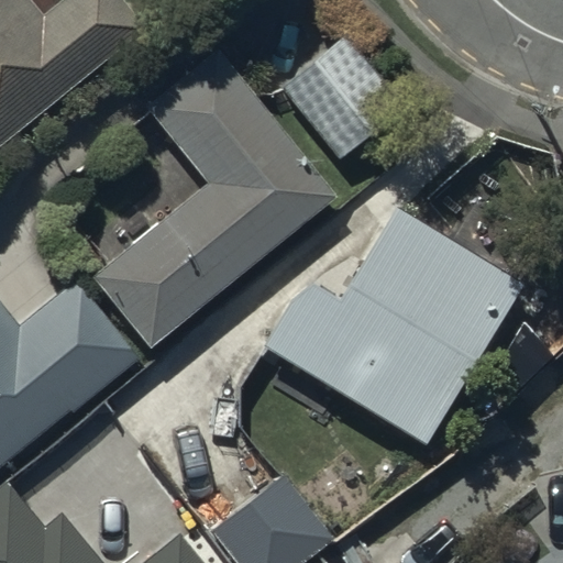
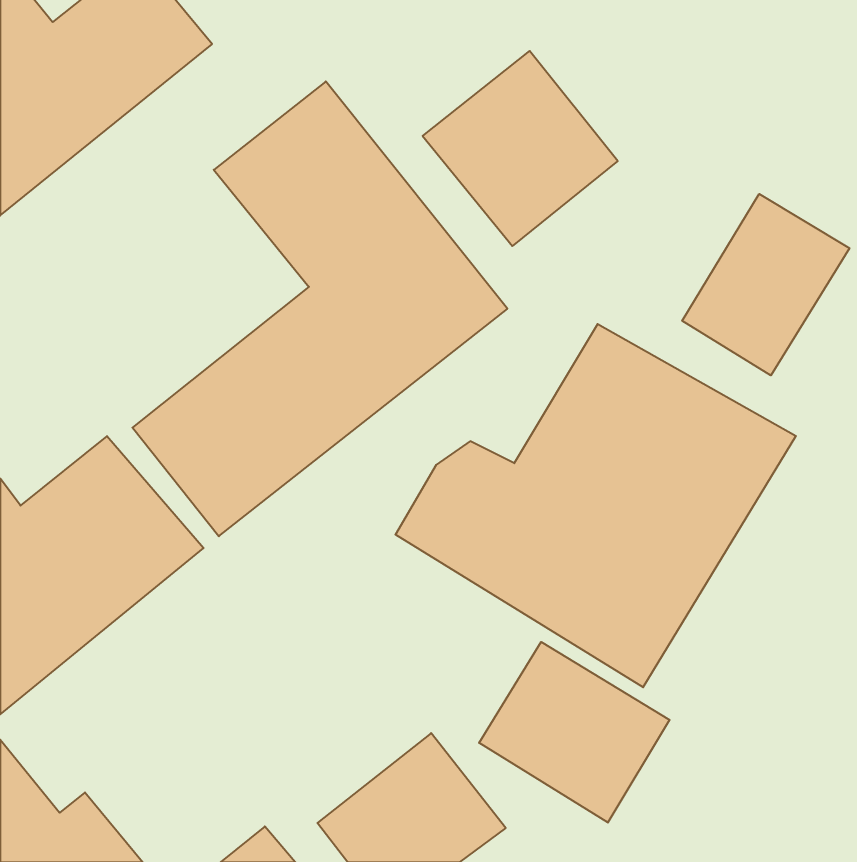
building: none -> [682,194,849,375]
building: none -> [479,642,670,823]

